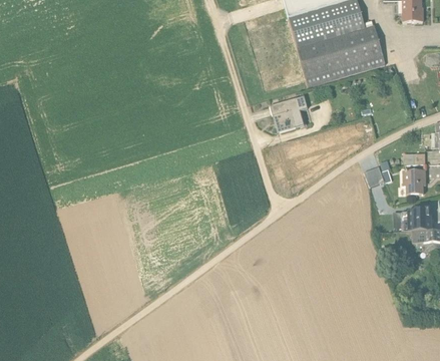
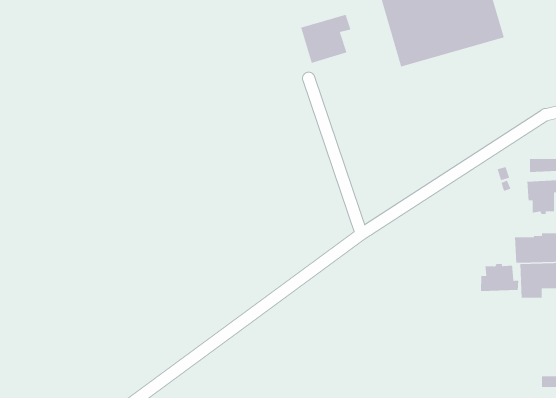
building: [270,94,308,131] -> [300,14,352,64]
building: none -> [480,263,519,292]

